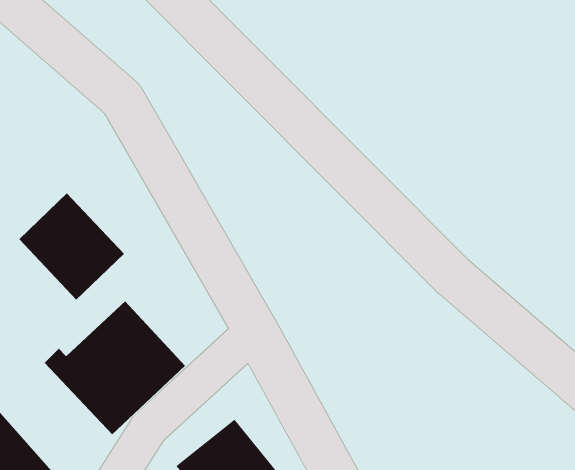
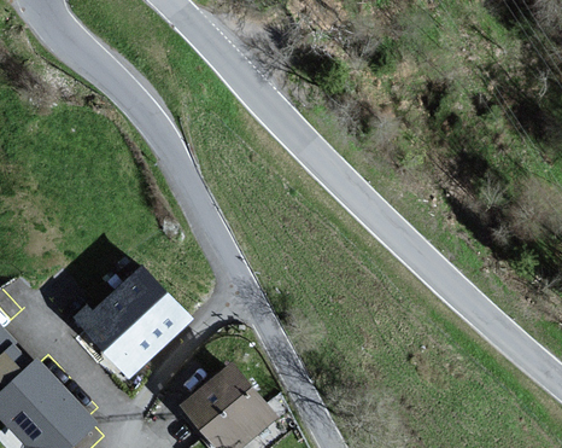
building: [18,192,125,301] -> none

